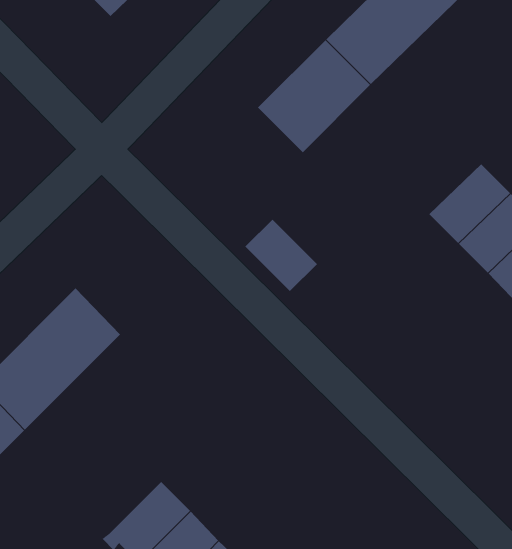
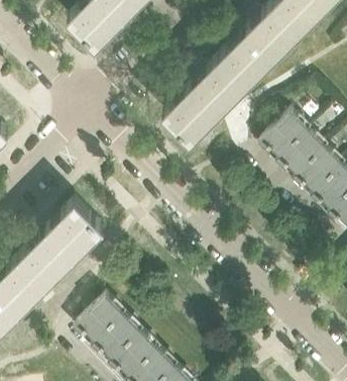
building: none -> [264,112,313,160]
building: [245,219,318,292] -> [167,98,210,140]
building: none -> [77,296,128,345]

